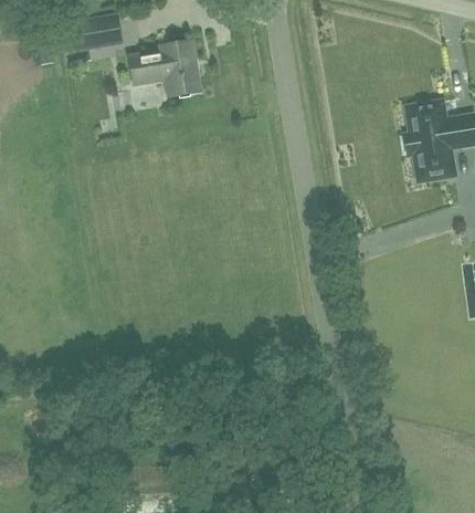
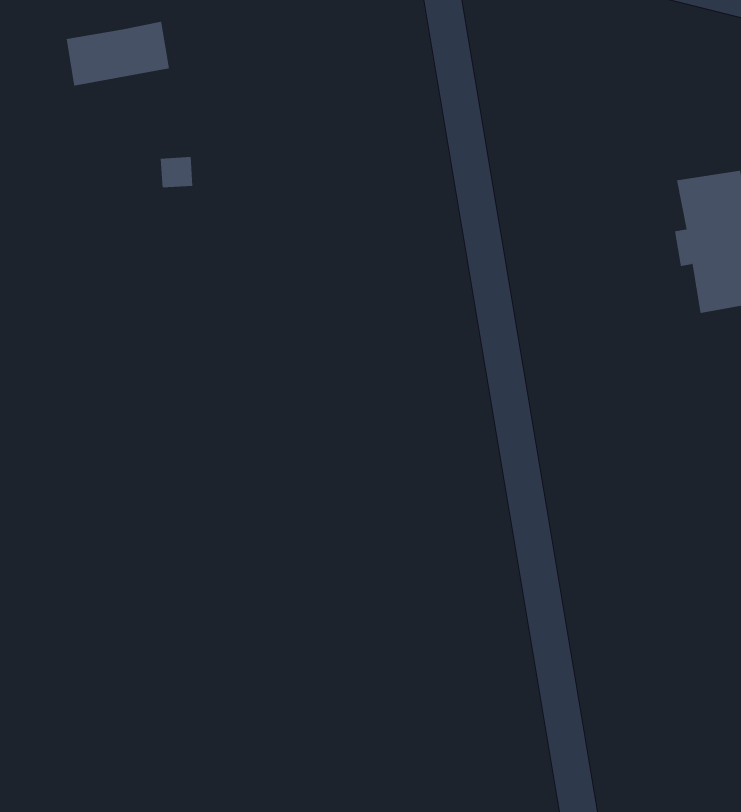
building: [129,42,199,95] -> none

